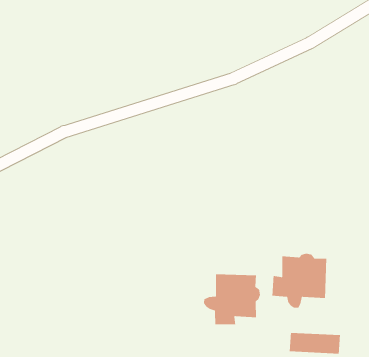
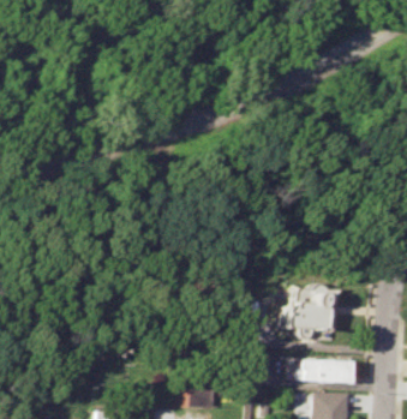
building: [203,274,261,325] -> none

